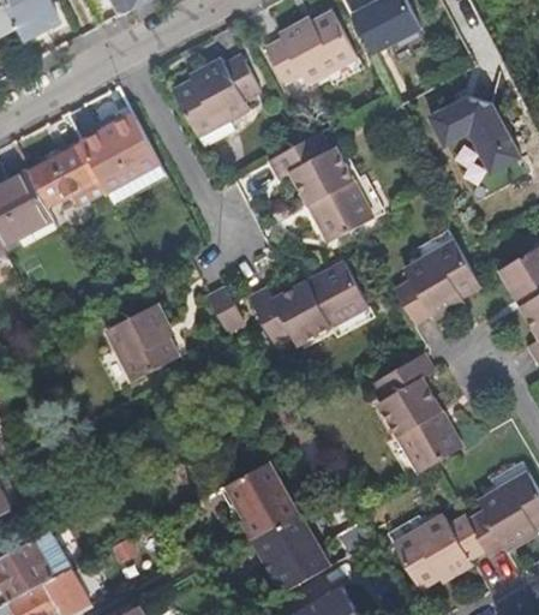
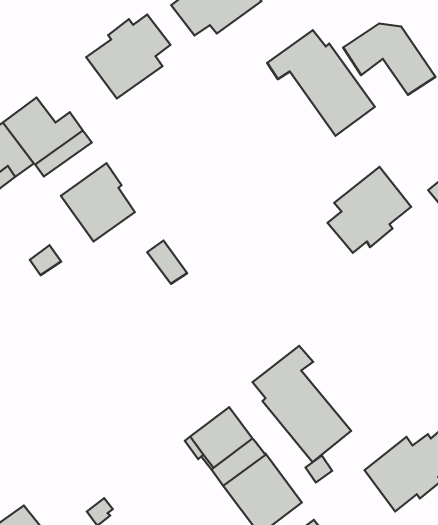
building: [269,133,371,243] -> [267,30,375,136]
building: [247,259,366,348] -> none
building: [107,304,179,381] -> [61,163,135,242]
building: [371,353,463,472] -> [253,346,351,462]

